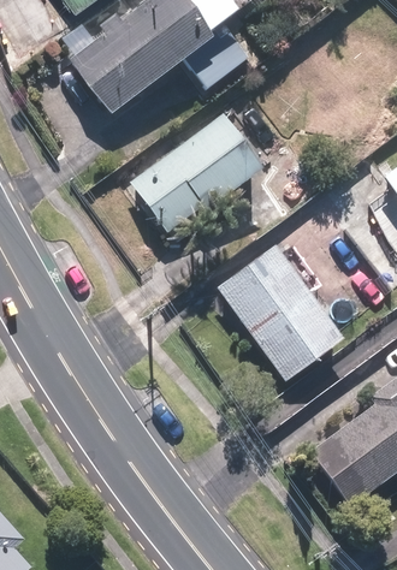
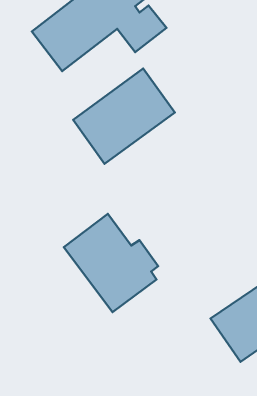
building: [219,249,345,380] -> [64,214,158,312]

